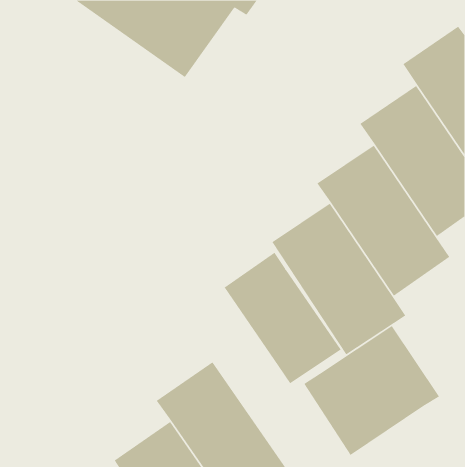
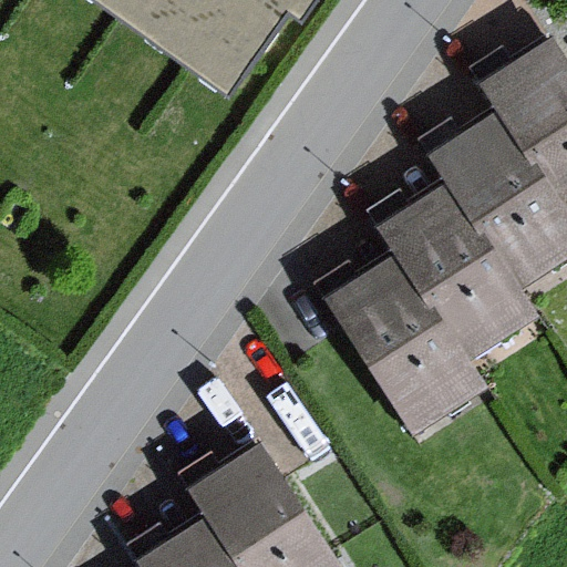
building: [224,252,341,384] -> none
building: [303,325,440,456] -> none

